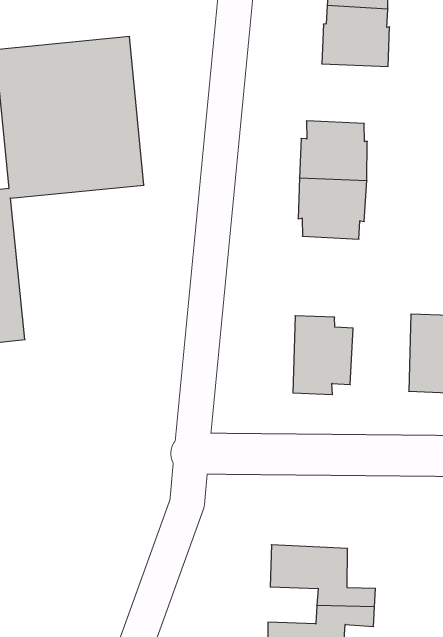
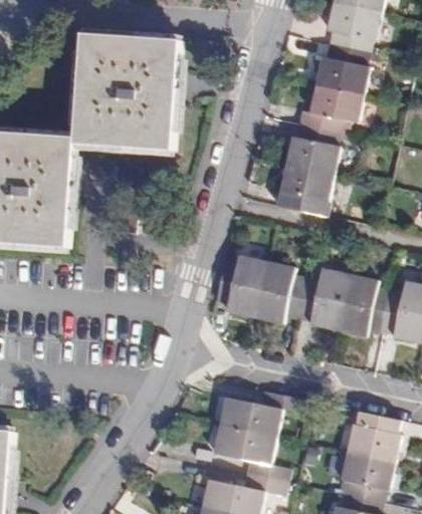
building: none -> [296,85,362,134]
building: none -> [295,270,348,331]
building: none -> [212,257,264,318]
building: none -> [219,391,302,437]

